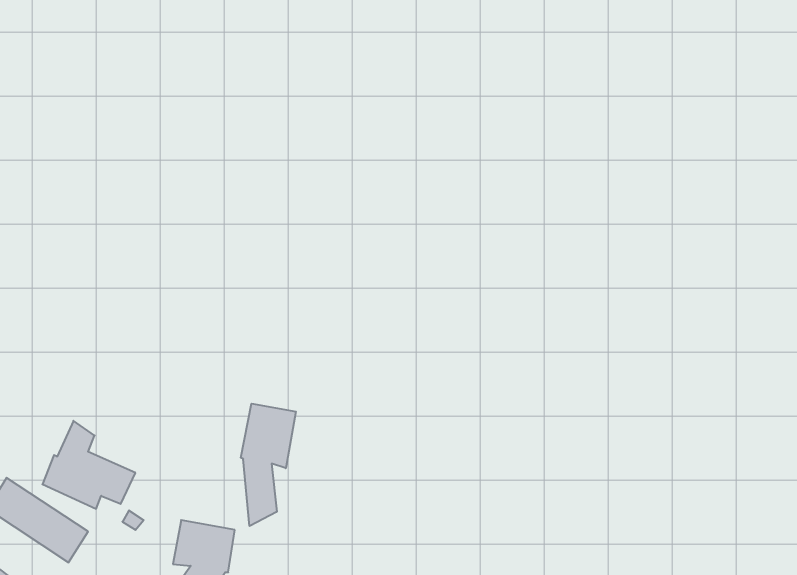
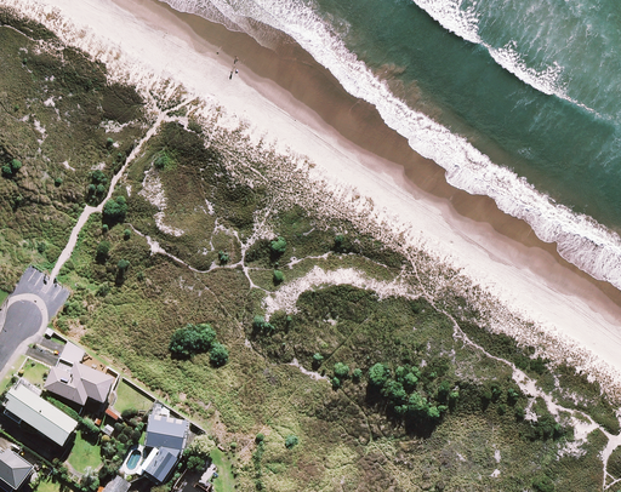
building: [241,404,296,526] -> none

